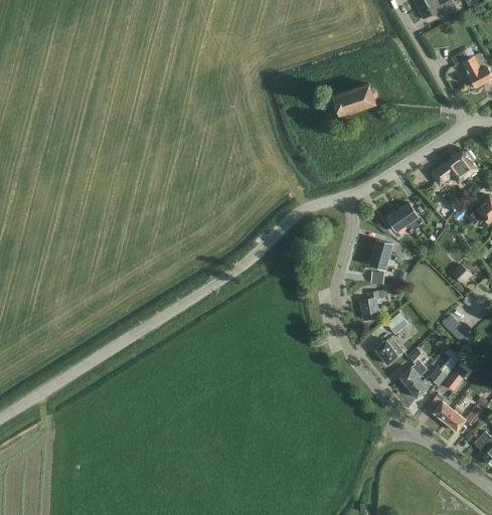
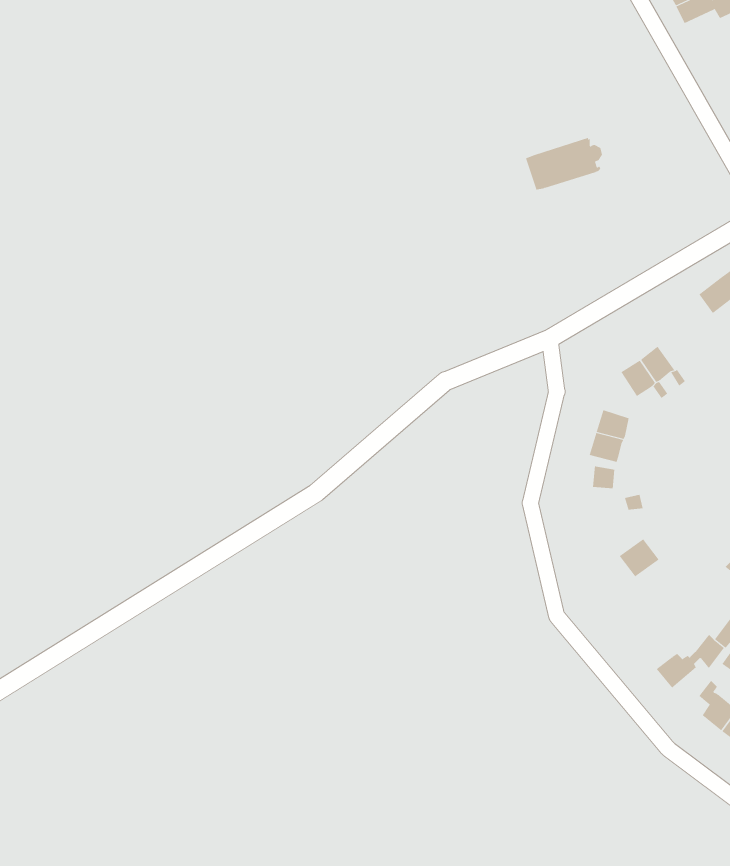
building: [359,289,387,319] -> none
building: [374,336,403,364] -> none
building: [398,349,427,386] -> none

